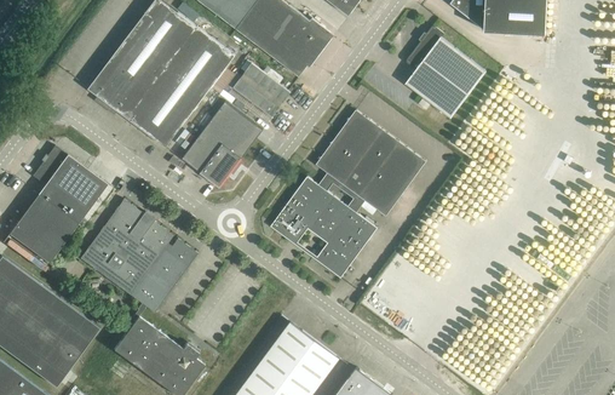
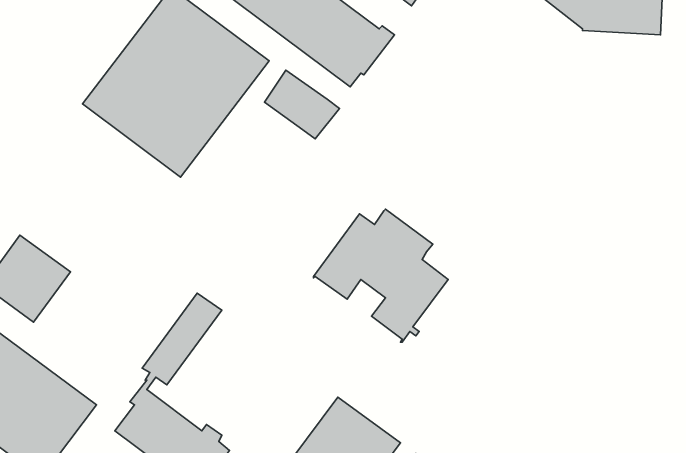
building: [404,28,485,119] -> none
building: [182,102,261,187] -> none
building: [315,110,425,217] -> none
building: [31,145,107,223] -> none
building: [80,199,178,299] -> none

